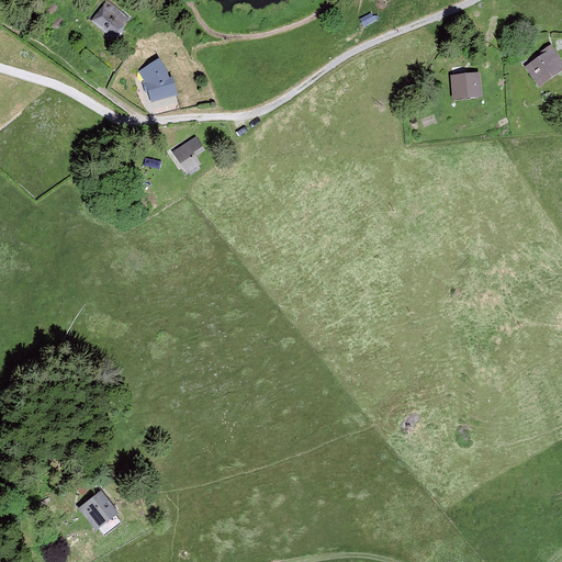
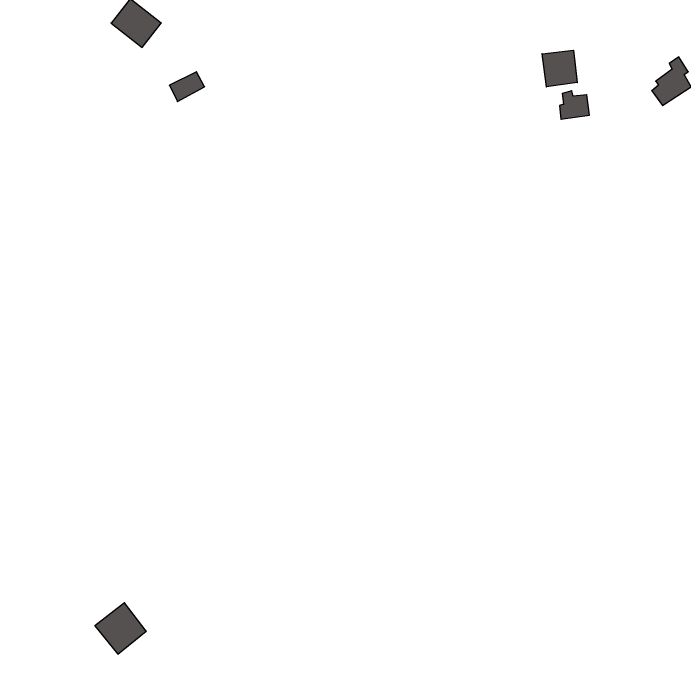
building: none -> [542,50,577,87]
building: [144,70,178,102] -> none
building: [172,136,205,171] -> none

